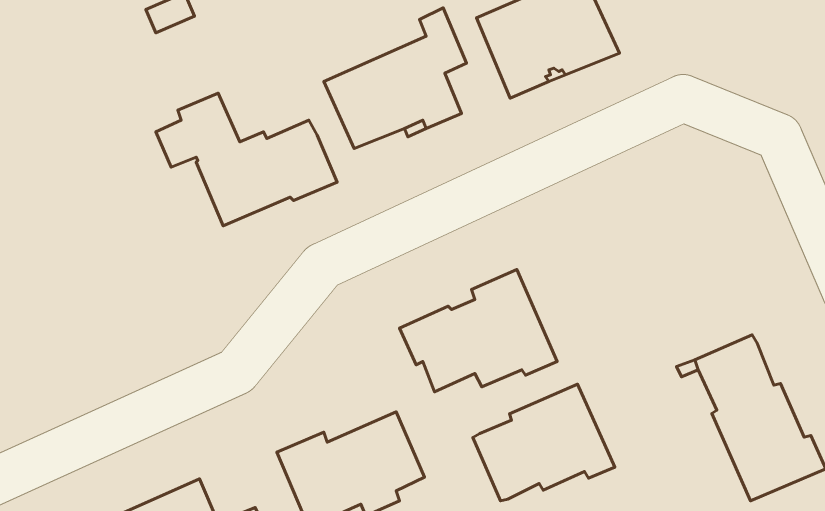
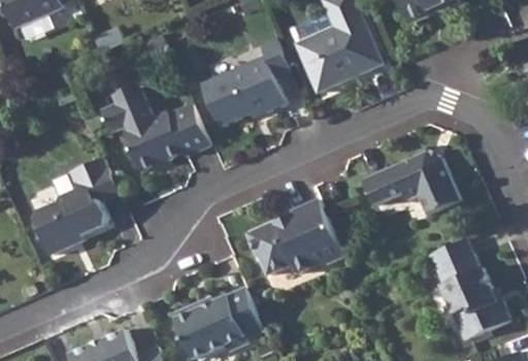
building: none -> [364,153,460,217]
building: none -> [31,158,118,253]
building: [473,384,615,501] -> none

